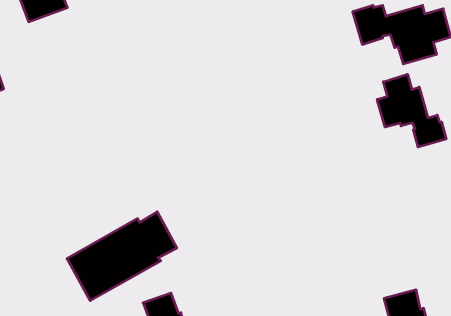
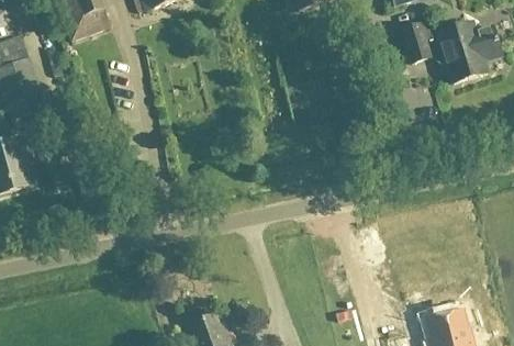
building: [377,74,446,147] -> none
building: [67,212,177,301] -> none

